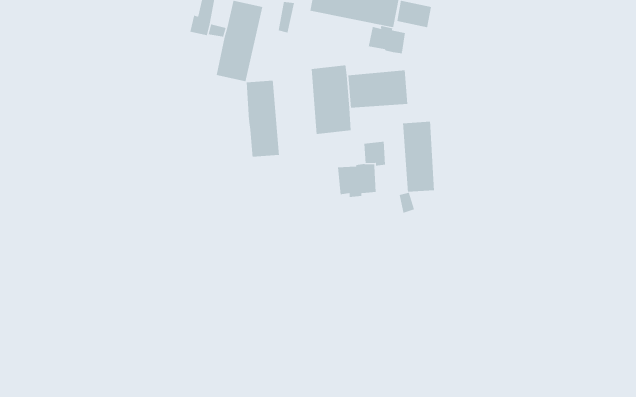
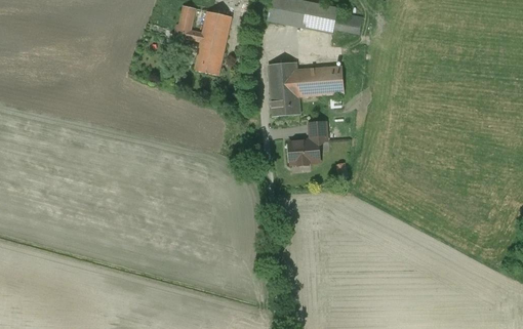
building: [368,25,405,54] -> none
building: [246,80,279,157] -> none
building: [402,121,434,192] -> none

